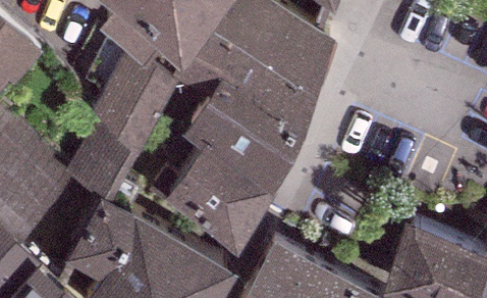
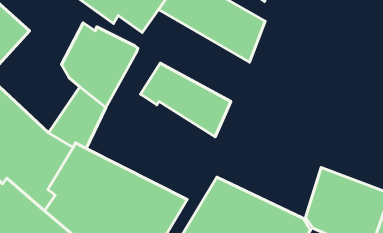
building: [175,15,318,130] -> none
building: [153,128,275,238] -> none

